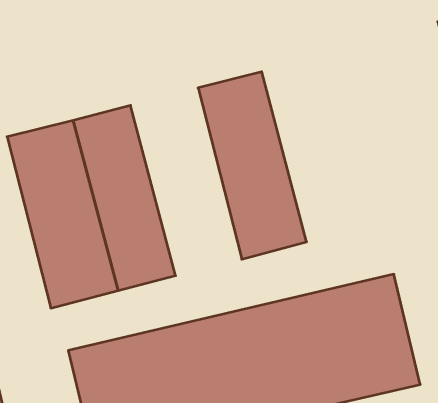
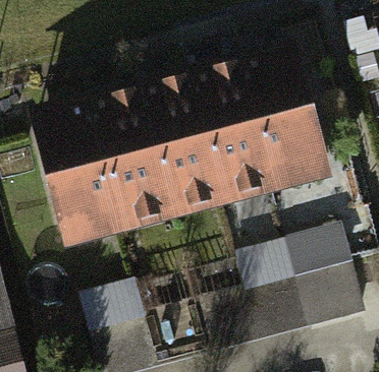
building: none -> [233,49,328,203]
building: none -> [126,78,217,231]

